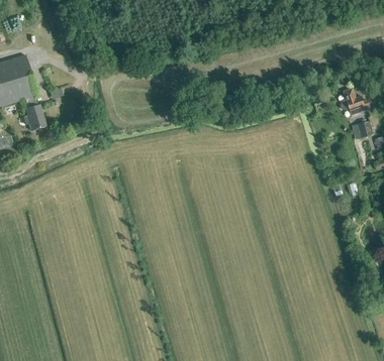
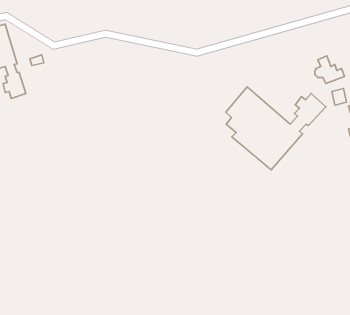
building: none -> [226,87,326,170]

